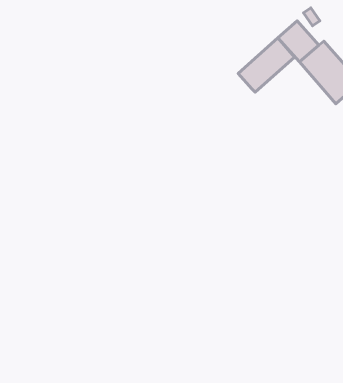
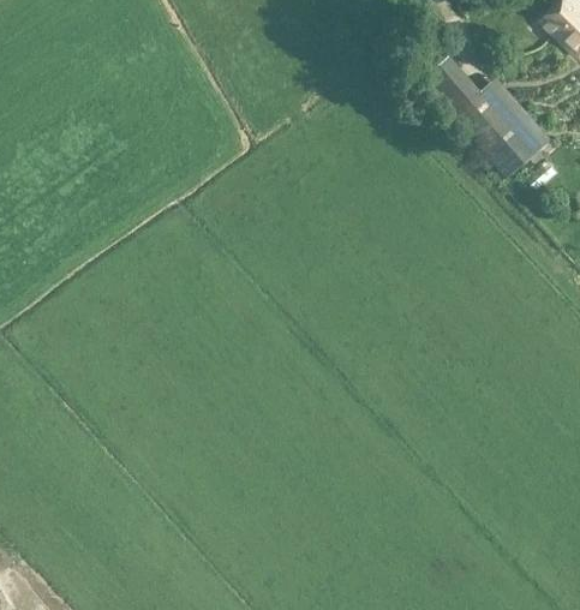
building: [238,38,295,92] -> none

